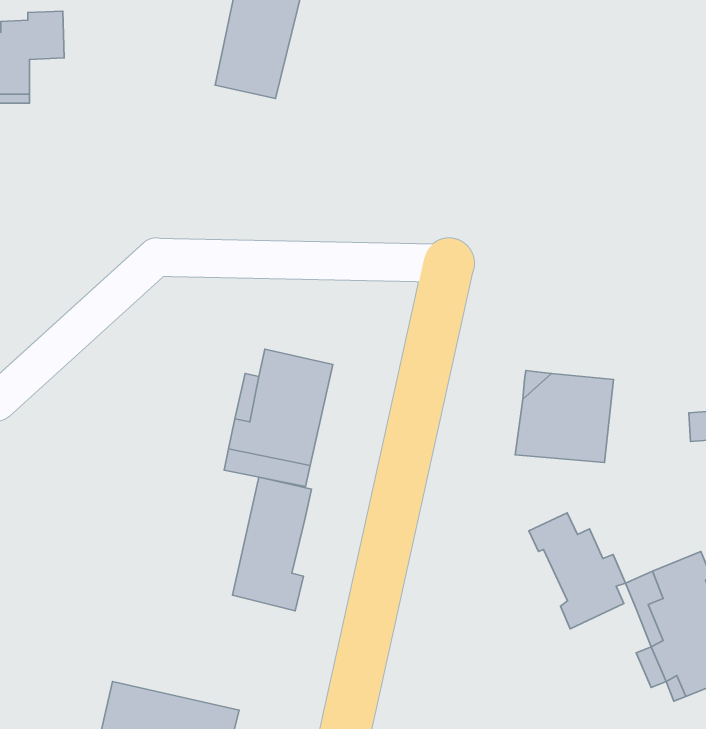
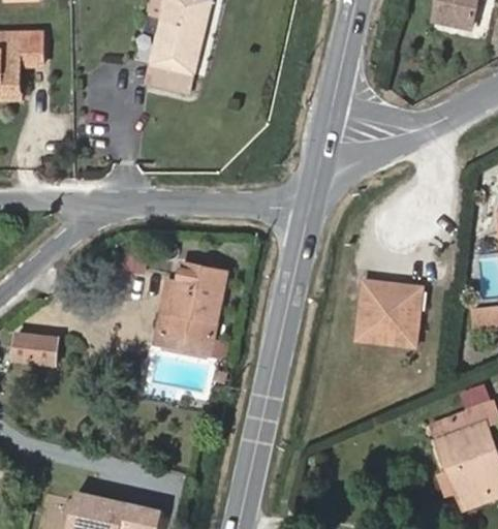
building: none -> [14,335,60,367]
building: [233,477,312,611] -> none
building: [529,513,625,629] -> none

